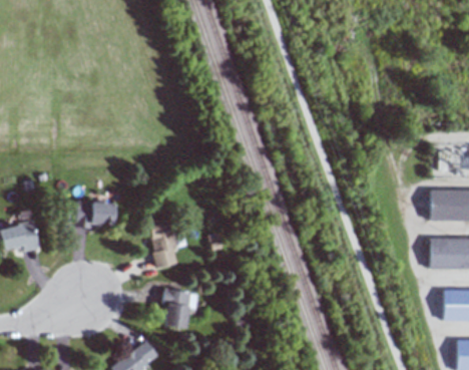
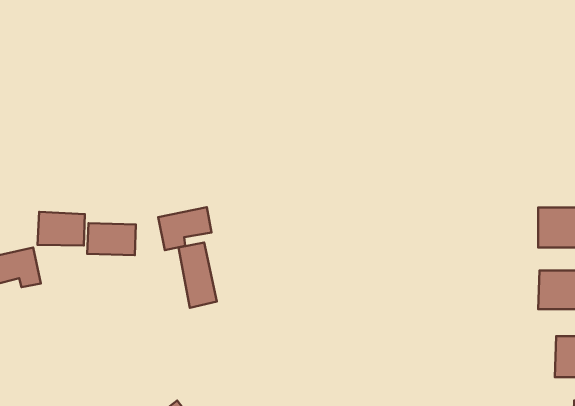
building: none -> [158,207,211,250]
building: none -> [37,212,85,246]
building: [162,289,197,329] -> none

